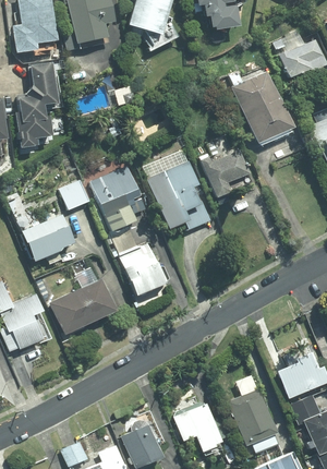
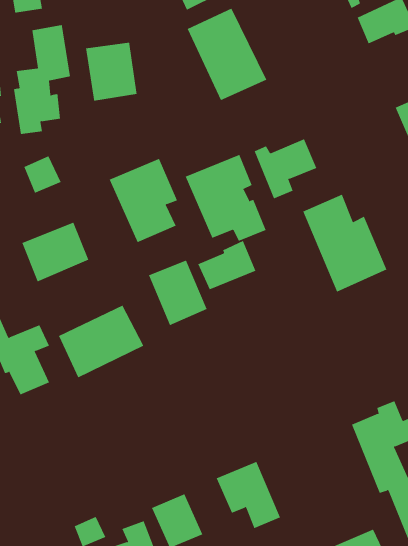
building: [232,70,294,142] -> [187,8,267,101]
building: none -> [86,42,137,102]
building: [60,180,89,209] -> [23,155,61,193]
building: none -> [303,194,387,293]
building: none -> [198,240,256,290]
building: [229,388,278,454] -> none

